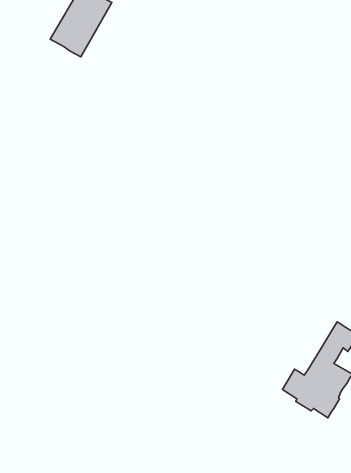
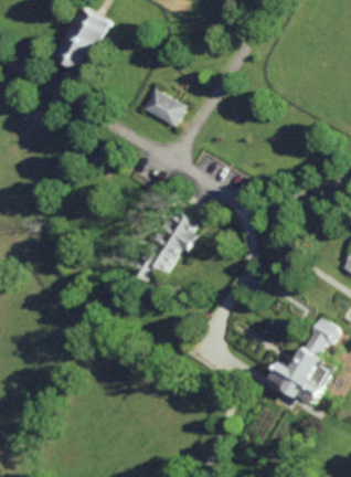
building: none -> [142,87,185,126]
building: none -> [131,209,196,283]

